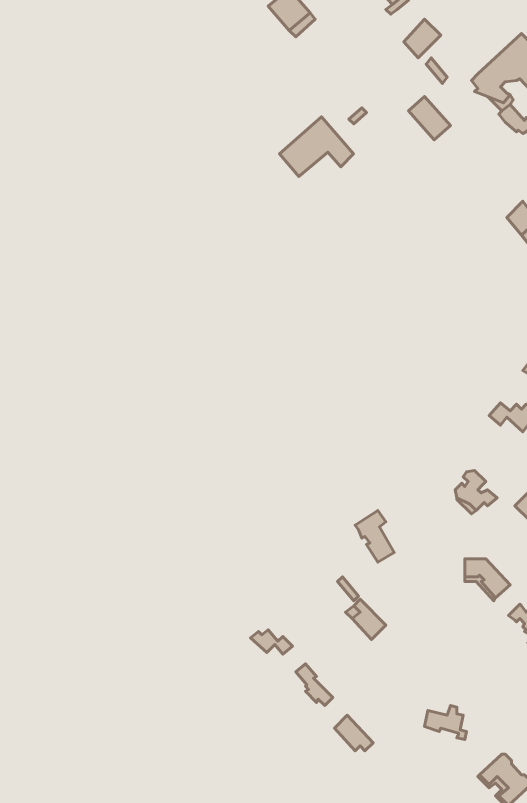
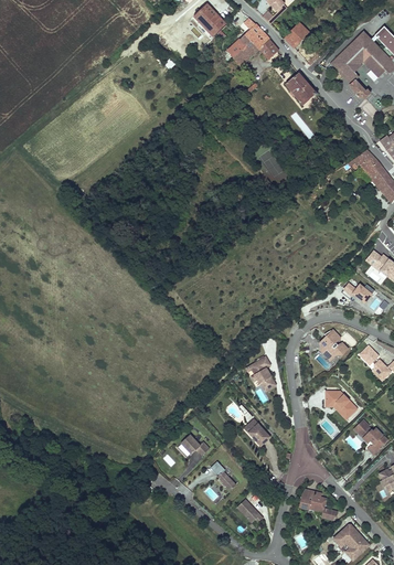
building: [279,117,354,176] -> [227,24,278,65]

